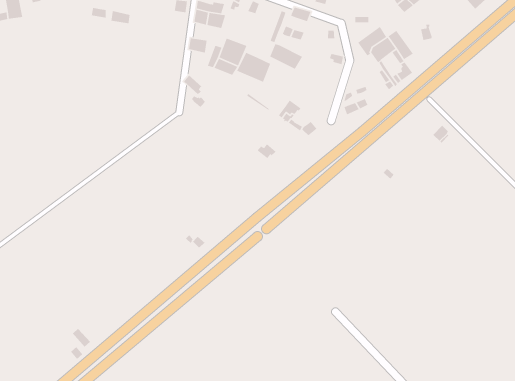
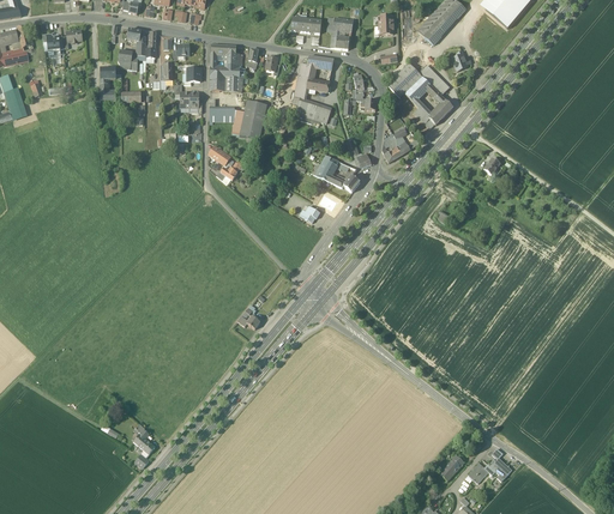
building: [236,52,271,83] -> none

